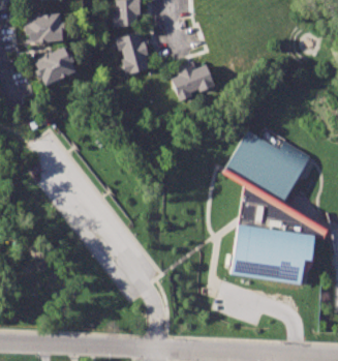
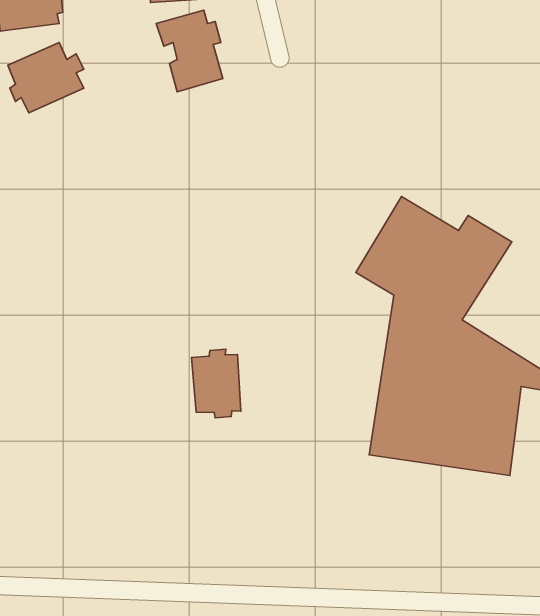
building: [170,64,215,100] -> none
building: none -> [192,349,241,418]

